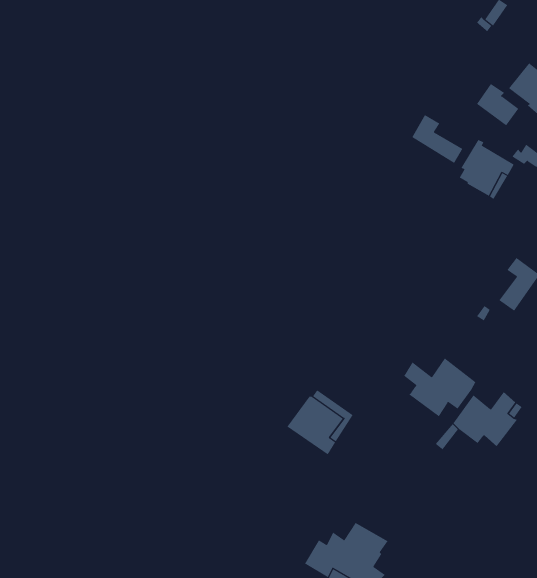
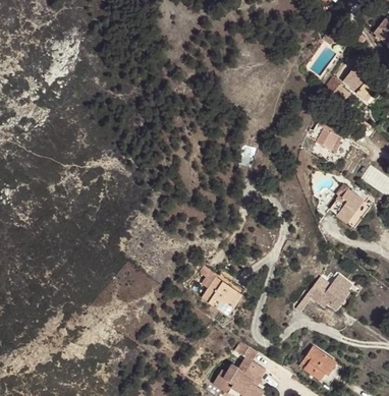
building: [411,114,463,164] -> none
building: [403,358,476,417] -> none
building: none -> [300,346,336,380]

